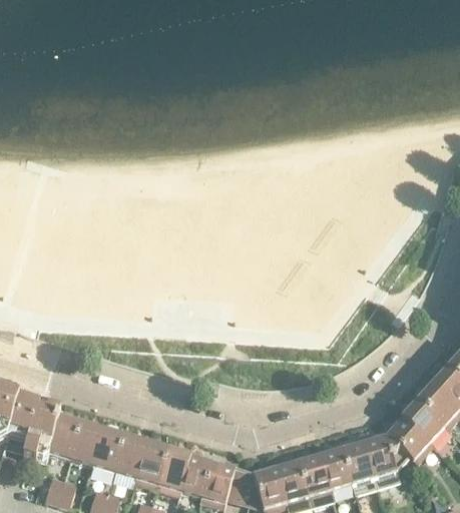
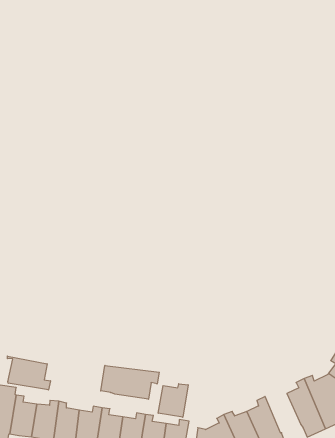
building: none -> [7,356,50,390]
building: none -> [101,365,159,399]
building: none -> [158,384,188,417]
building: [319,447,352,489] -> none

